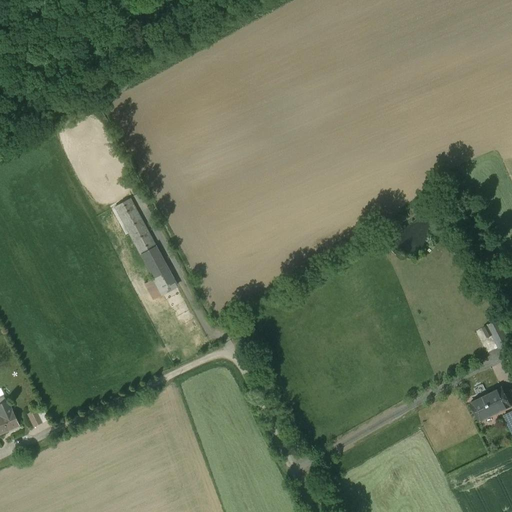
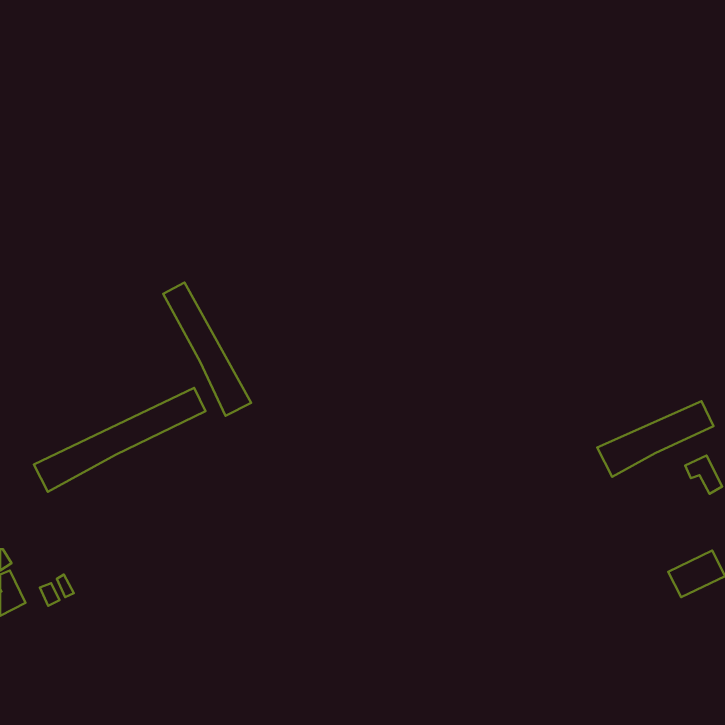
building: none -> [34,388,205,492]
building: none -> [597,401,714,477]

